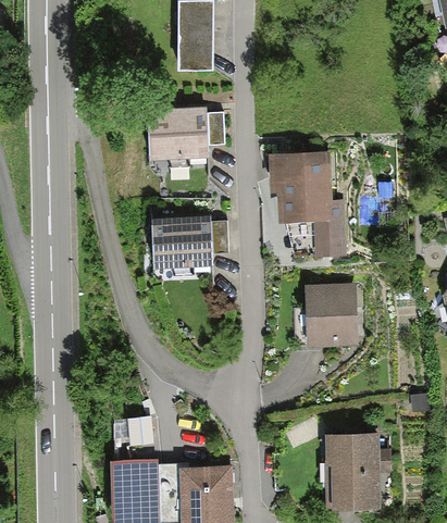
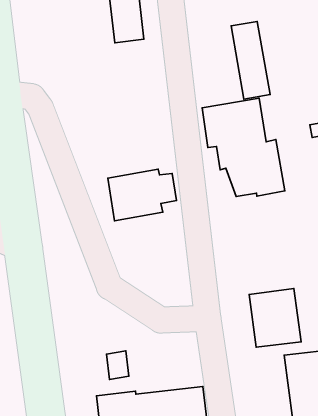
building: none -> [231,21,270,99]
building: [149,110,226,161] -> none
building: [306,286,357,346] -> [249,288,301,347]

